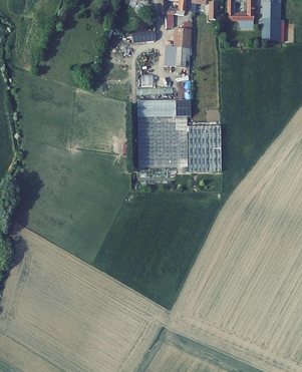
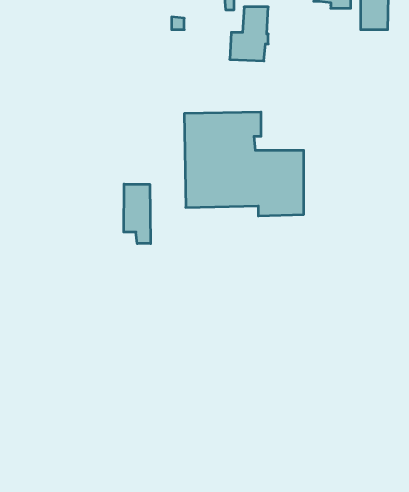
building: none -> [124,184,151,244]

